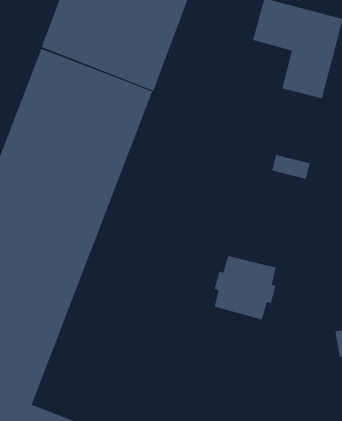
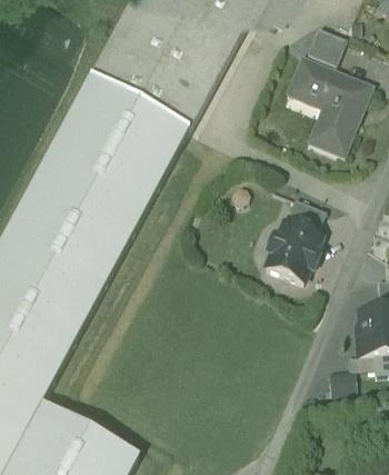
building: [214,256,276,320] -> [260,218,322,281]

